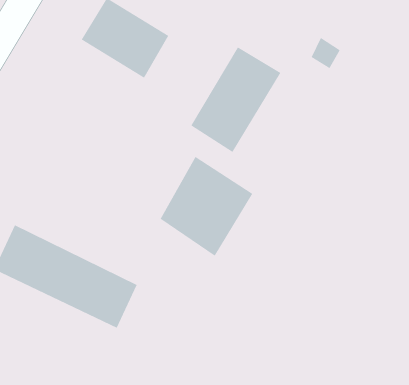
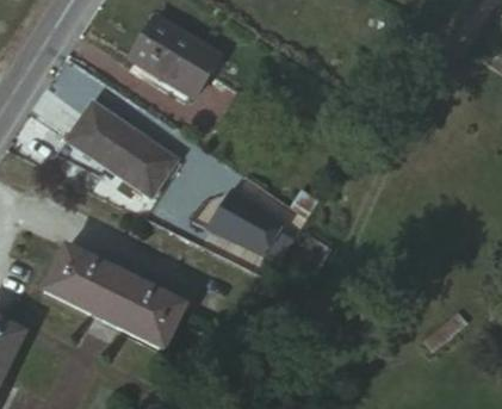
building: [191,46,281,153] -> none
building: none -> [62,98,172,191]

